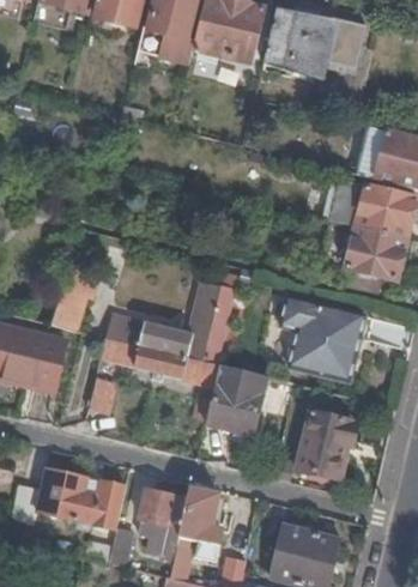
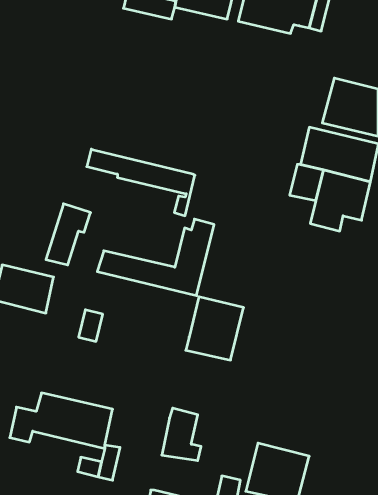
building: [280,296,365,380] -> none
building: [101,335,219,409] -> [87,149,195,216]
building: [298,411,352,477] -> none
building: [139,490,187,561] -> none

